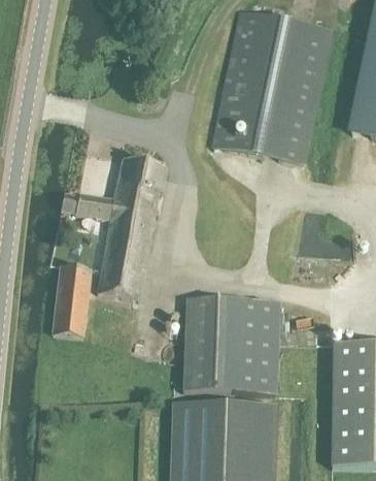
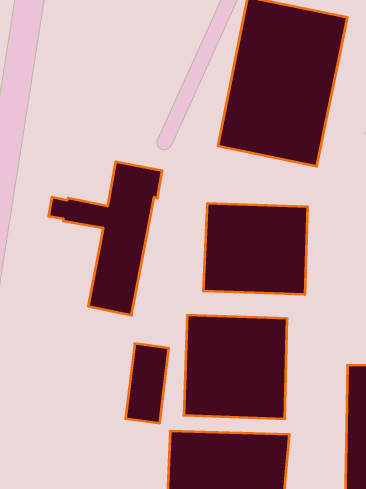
building: none -> [204,203,308,295]
building: [53,261,92,333] -> [126,344,169,423]

